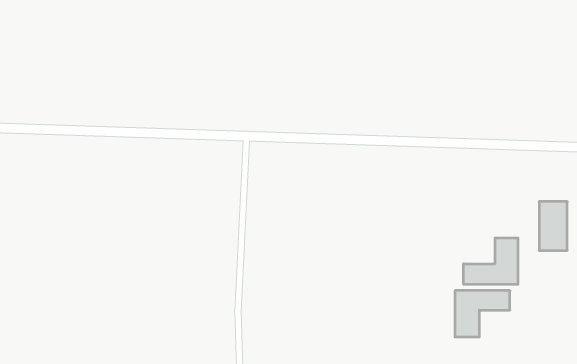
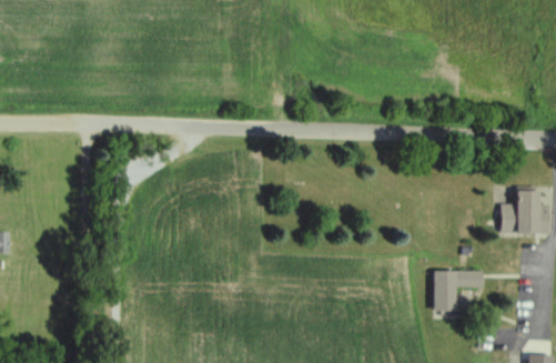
building: [464,238,518,284] -> none

